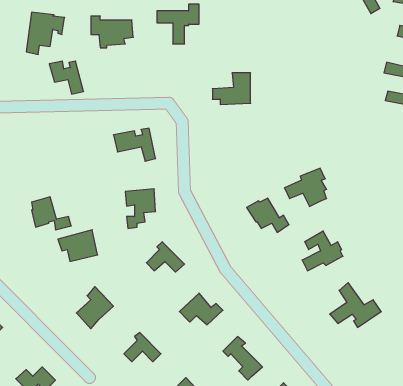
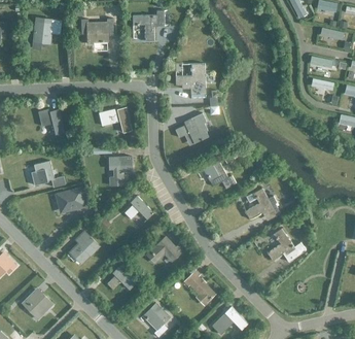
building: [49,61,84,94] -> [37,109,64,135]
building: [284,168,327,206] -> [174,113,207,143]

